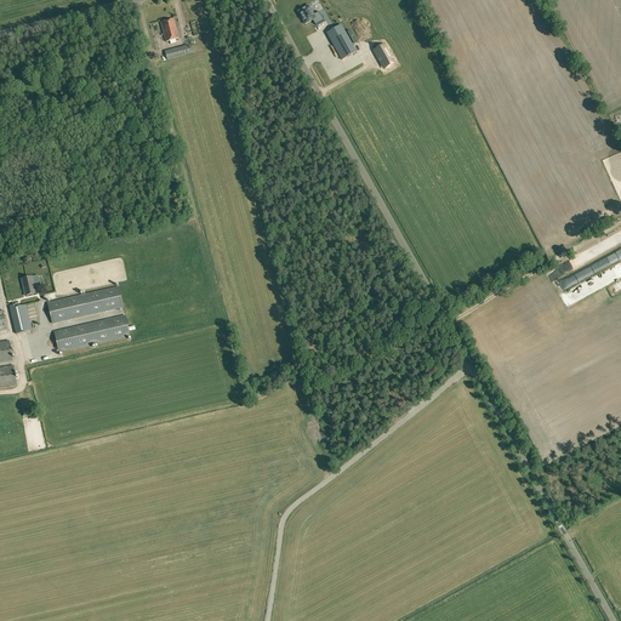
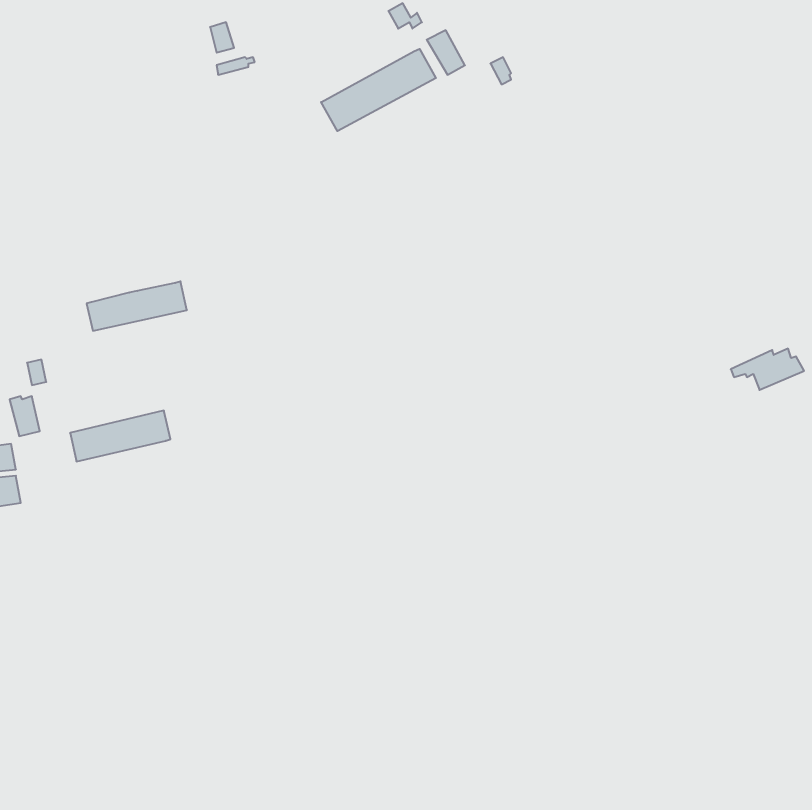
building: none -> [321,49,436,131]
building: [46,284,123,321] -> [87,281,187,331]

